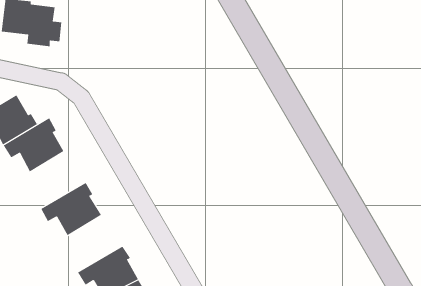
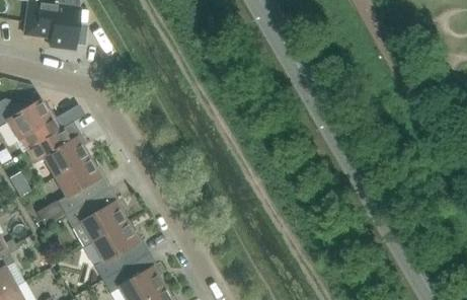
building: none -> [53,155,110,214]
building: none -> [91,220,148,279]

